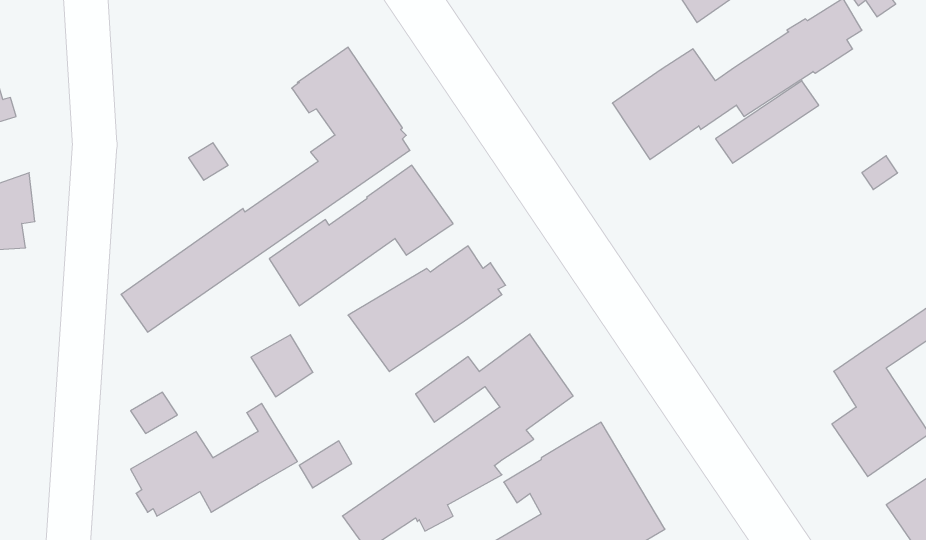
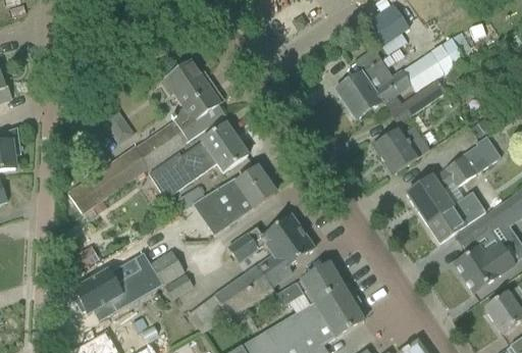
building: none -> [373,127,430,174]
building: none -> [407,136,502,242]
building: [251,335,313,397] -> [151,250,185,284]

